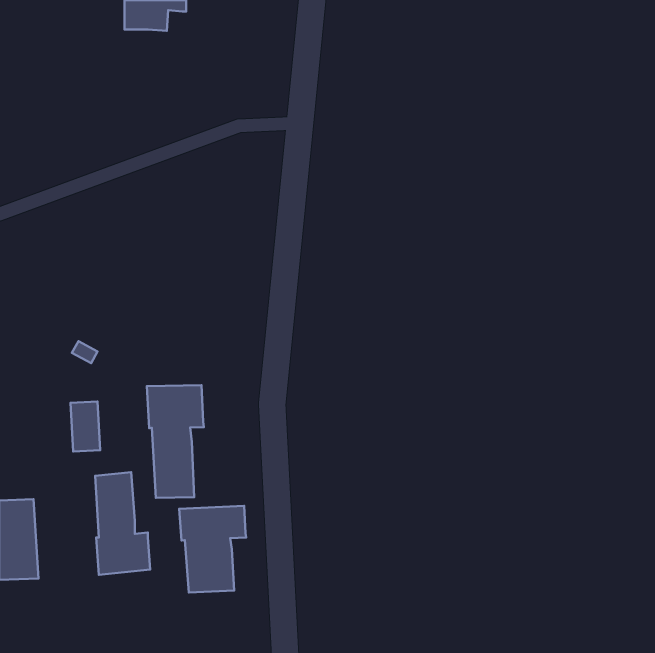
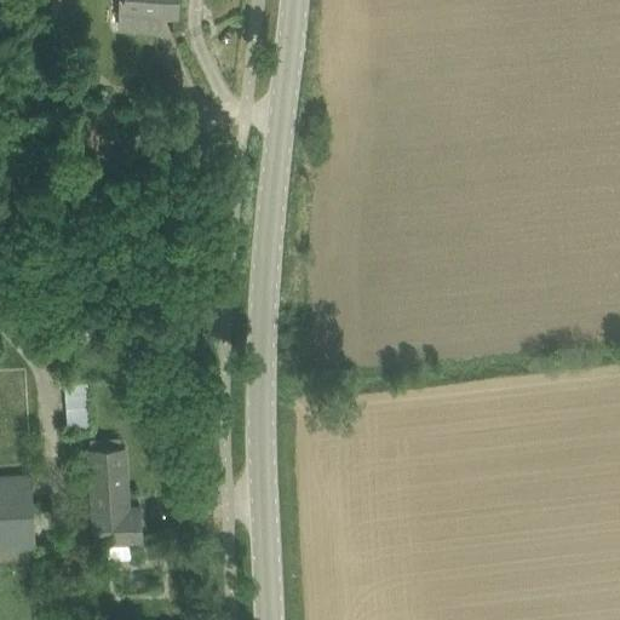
building: [147,385,204,498] -> none
building: [179,506,246,593] -> none

